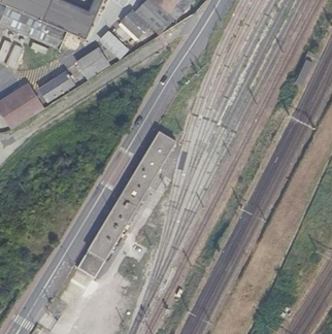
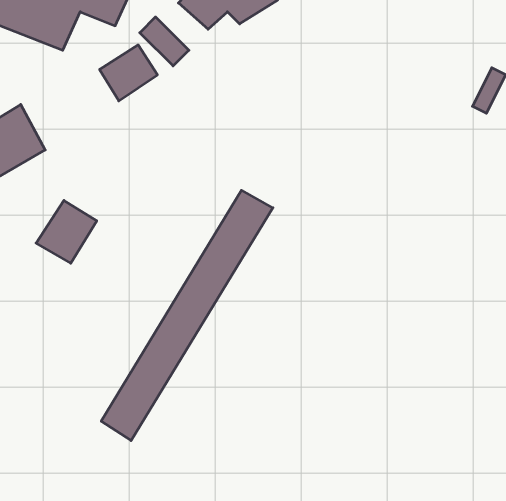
building: [36,71,73,103] -> none
building: none -> [36,200,97,263]

